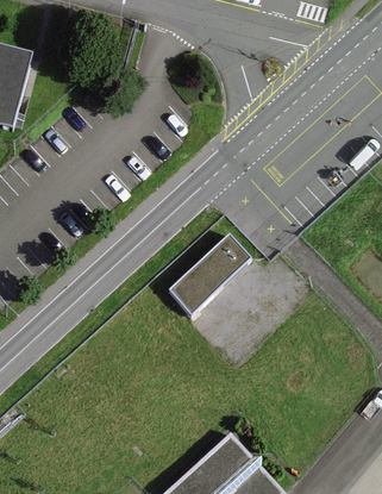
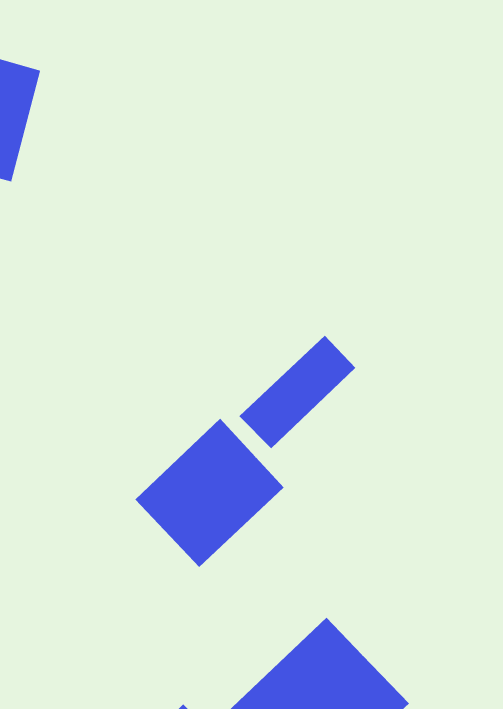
building: none -> [134,418,285,568]

